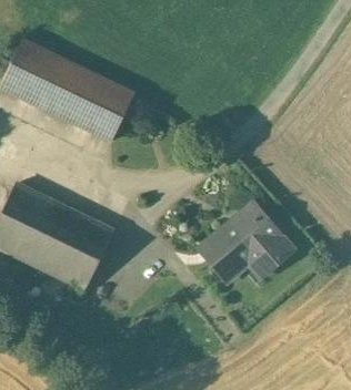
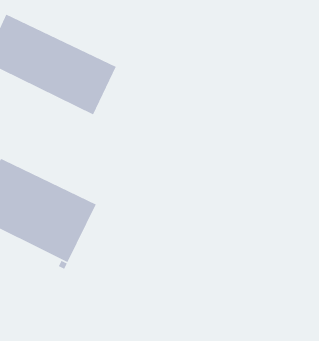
building: [201,204,294,281] -> none

